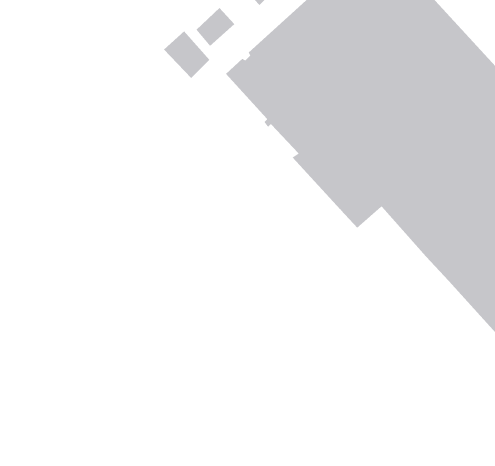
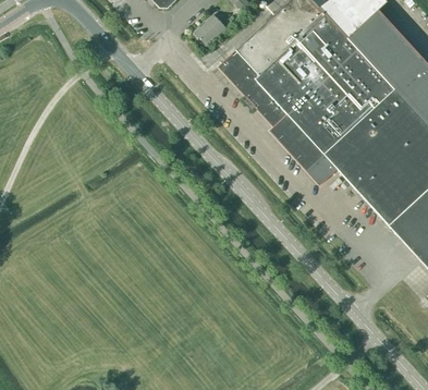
building: [163,31,210,79] -> none

